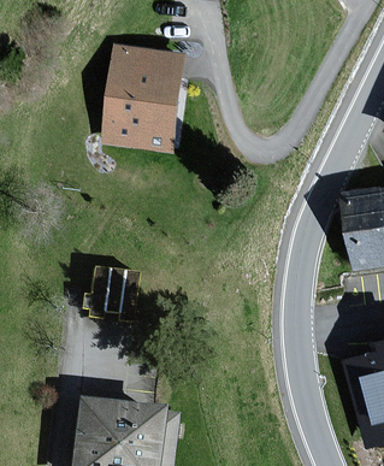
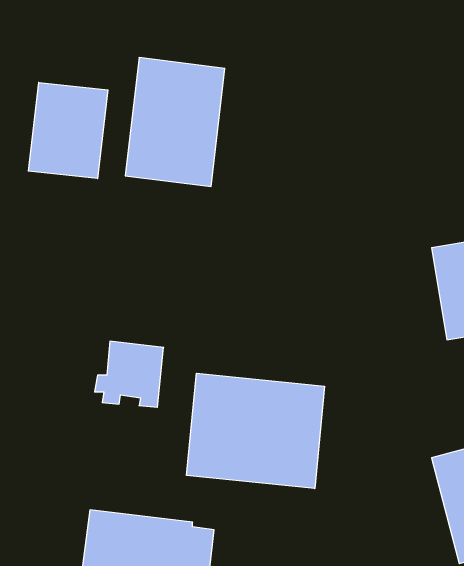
building: none -> [28,82,108,179]
building: none -> [187,373,324,489]

